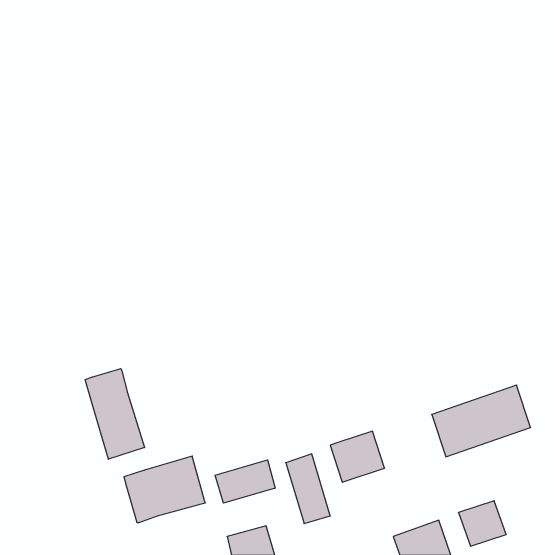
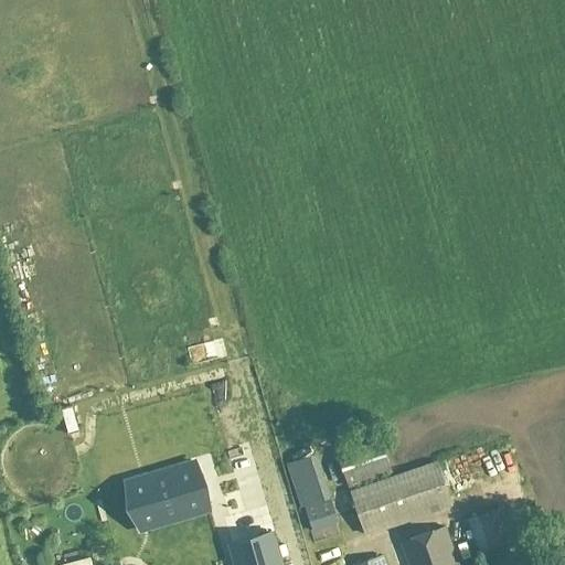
building: [85,369,145,459] -> none
building: [432,385,531,457] -> [350,463,450,536]
building: [215,460,275,503] -> none

